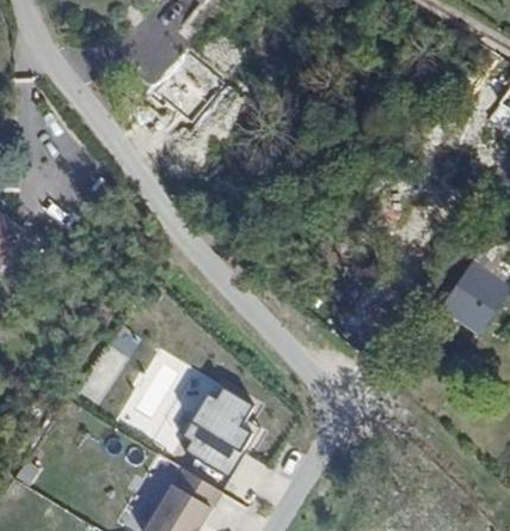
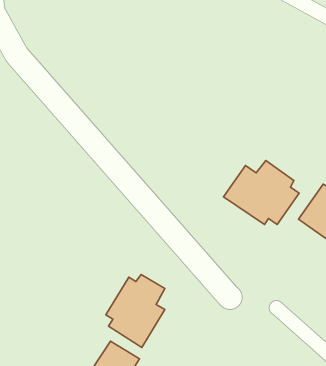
building: none -> [224,160,299,225]

